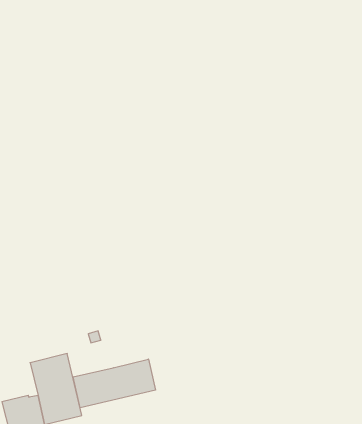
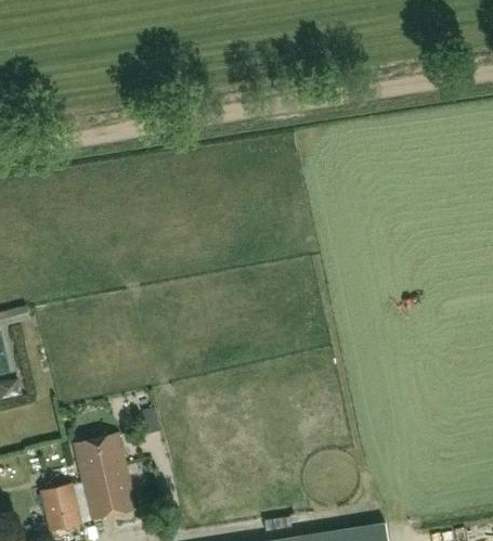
building: [73,359,155,408] -> none

